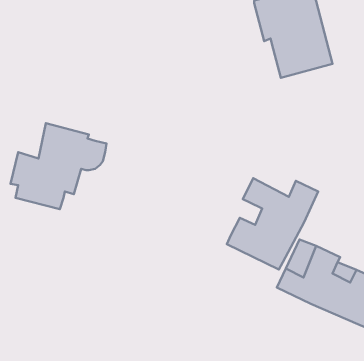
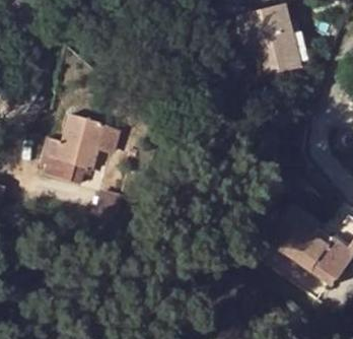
building: [227,178,318,270] -> none

